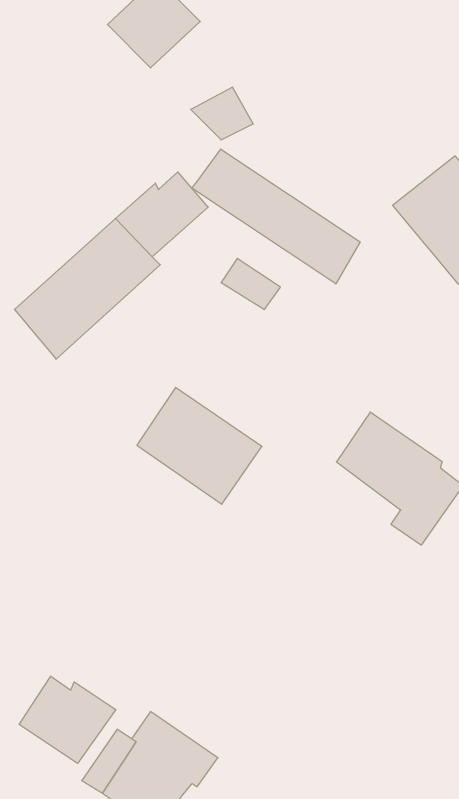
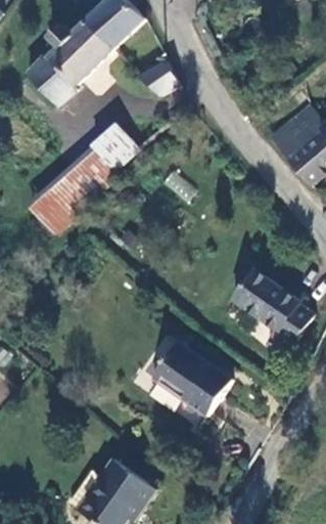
building: none -> [27,20,114,106]
building: [192,149,360,284] -> none
building: [137,387,262,504] -> [153,342,233,417]
building: [19,676,116,763] -> none

